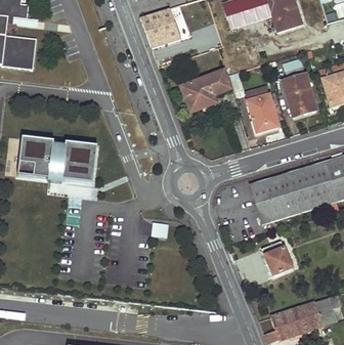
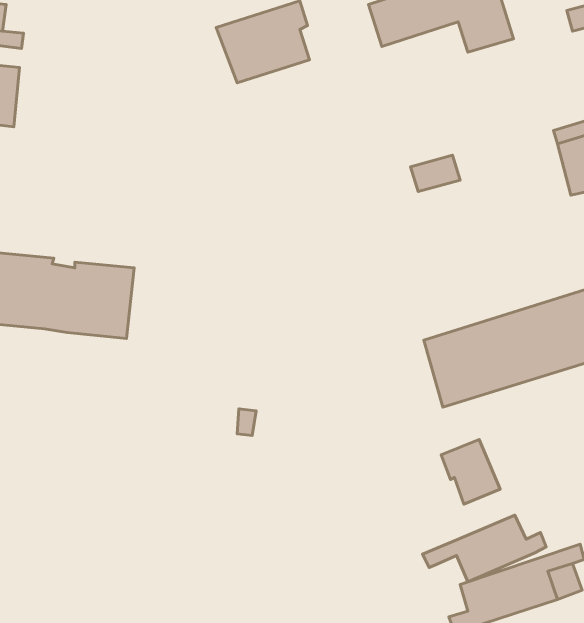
building: [181,69,230,113] -> none
building: [283,77,315,120] -> none
building: [249,99,277,128] -> none
building: none -> [422,515,546,582]

